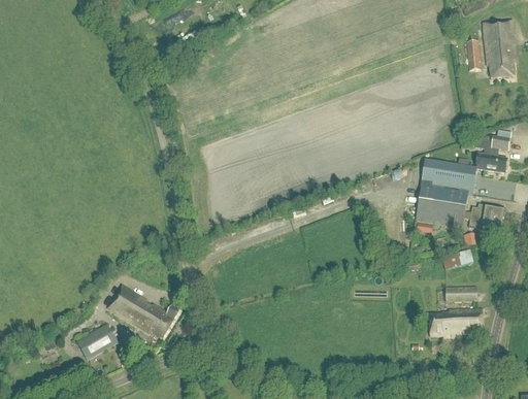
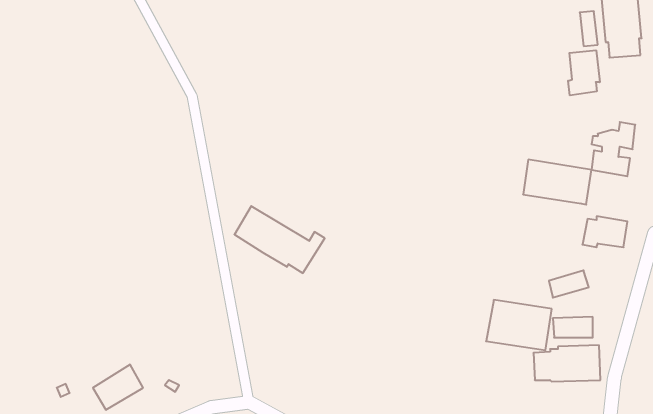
building: none -> [568,50,600,95]
building: [415,188,467,228] -> [486,300,552,350]
building: [107,285,179,338] -> [234,206,325,273]

